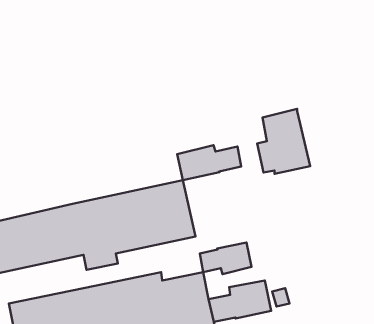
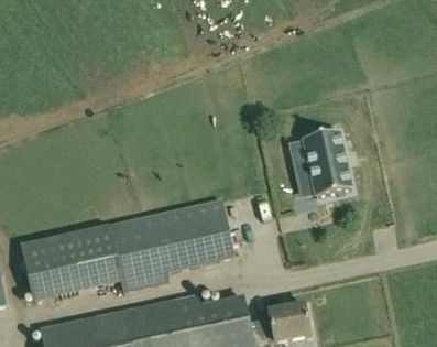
building: [177,145,241,180] -> none
building: [200,242,252,274] -> none

